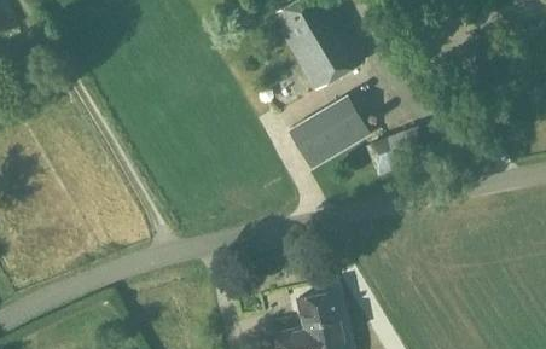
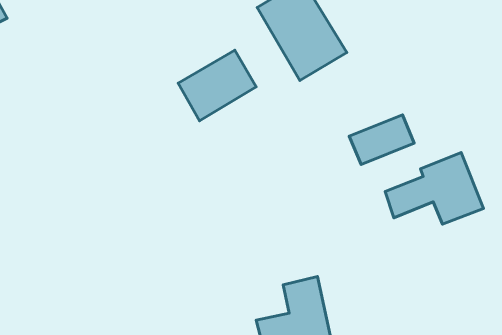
building: [289,100,368,173] -> [178,50,256,121]
building: none -> [385,152,484,224]

